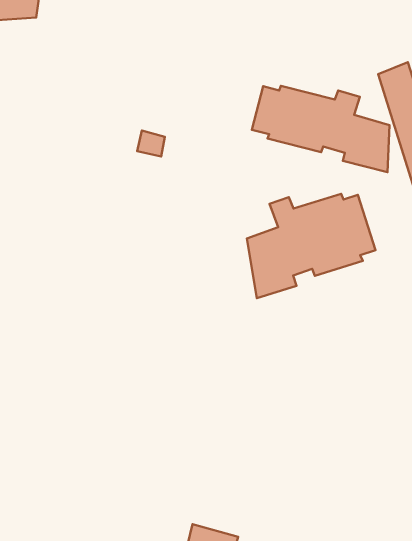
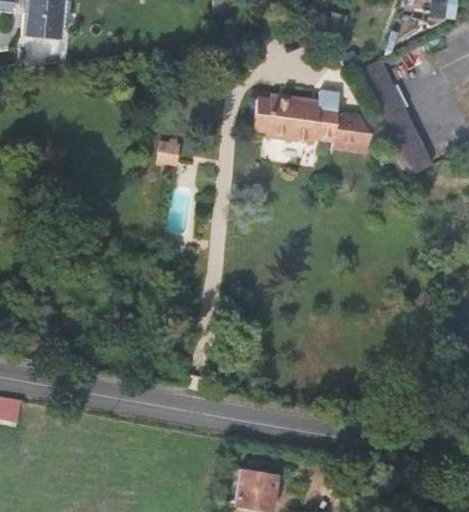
building: [247,194,376,298] -> none

